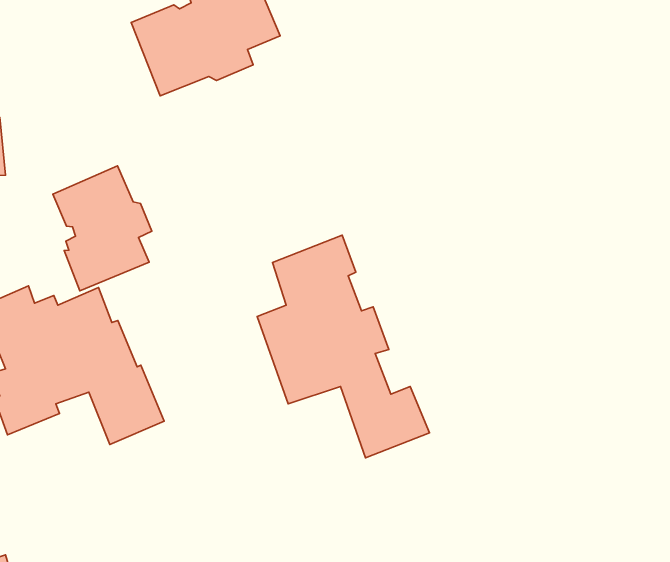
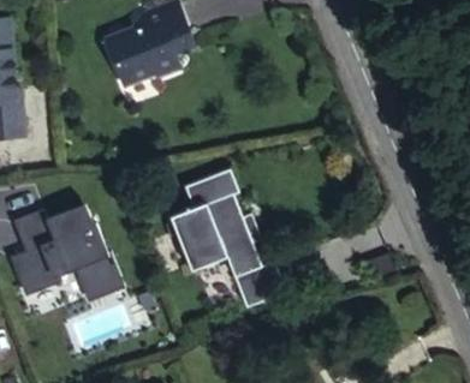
building: [53,166,152,291] -> none

